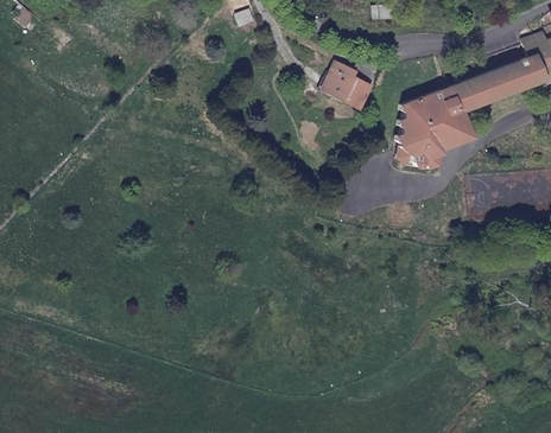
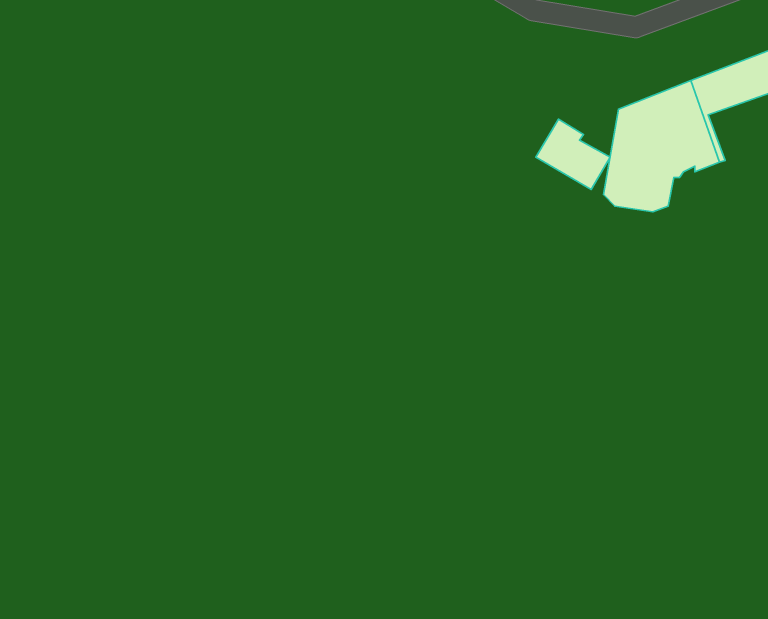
building: [322,61,368,104] -> [536,119,610,190]

